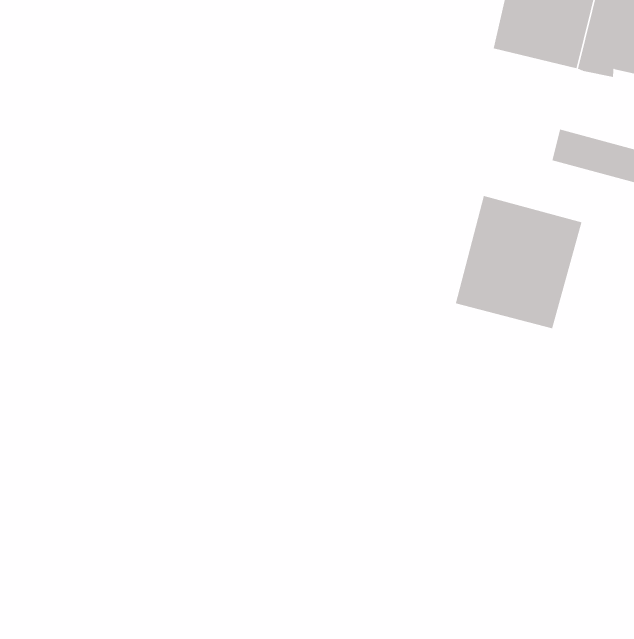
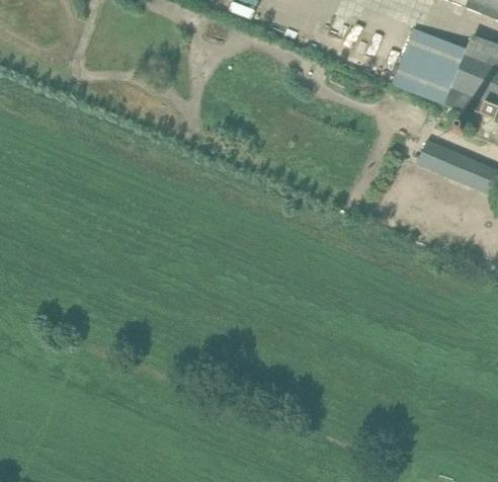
building: [455,195,582,329] -> none

